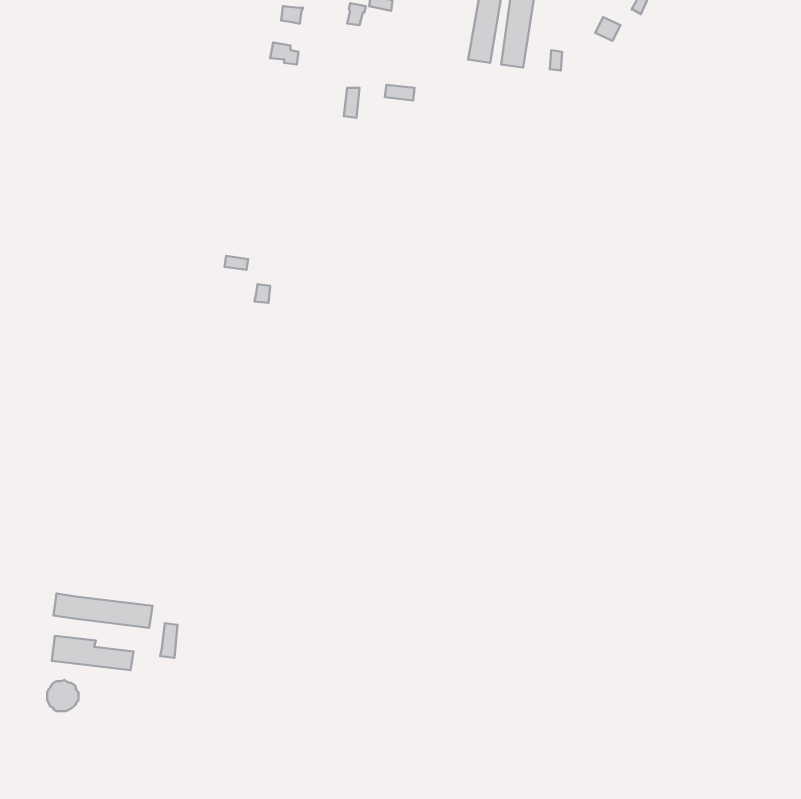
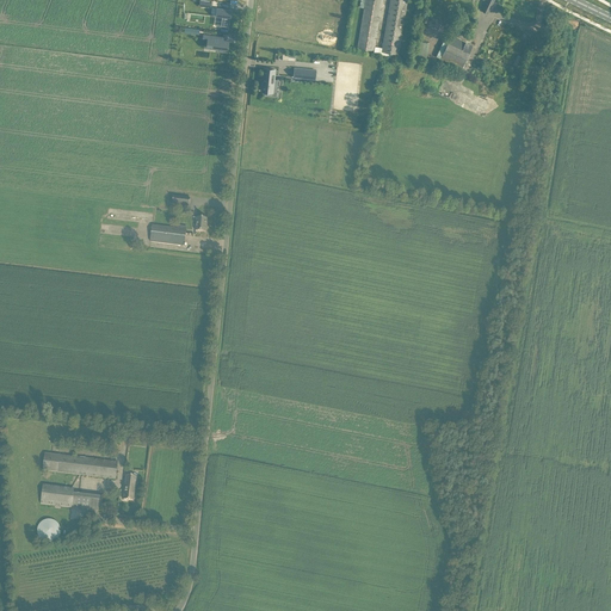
building: none -> [439,32,471,67]
building: none -> [149,223,185,245]

